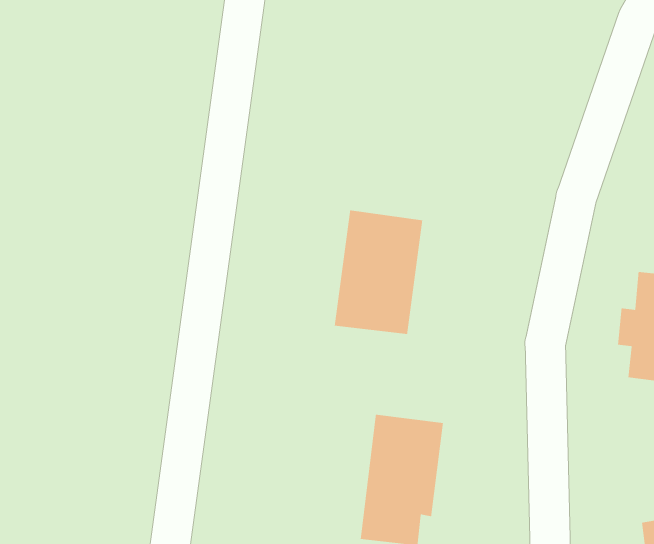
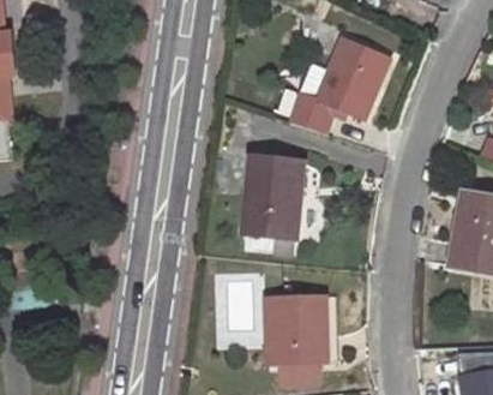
building: none -> [285,38,399,134]

